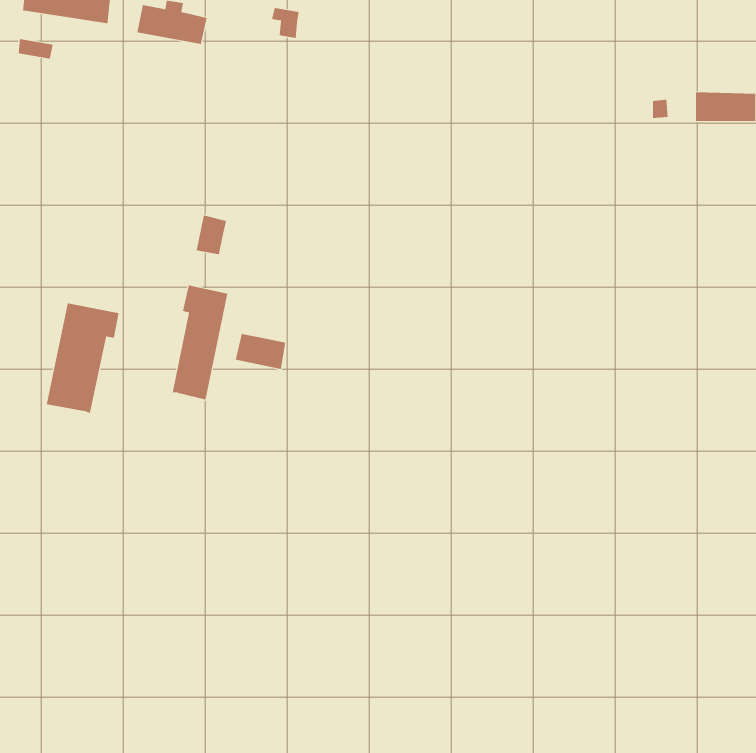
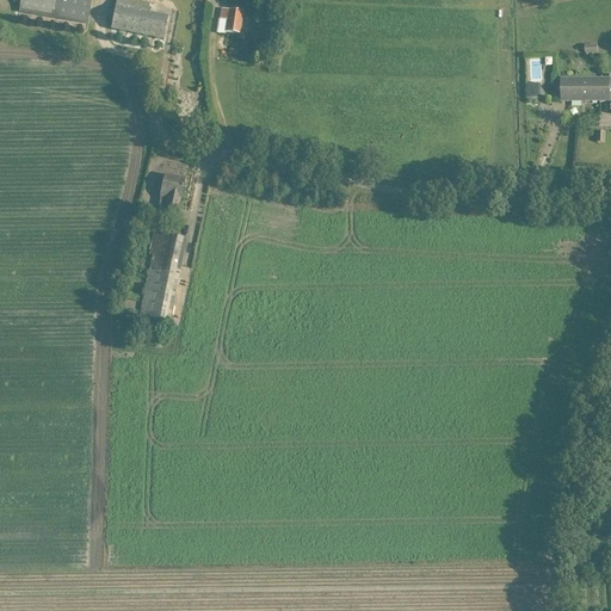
building: [46,302,119,414] -> none
building: [235,333,286,370] -> none

